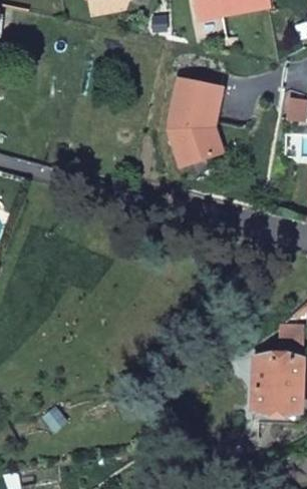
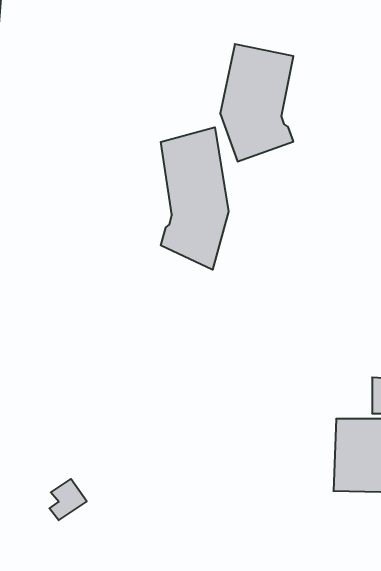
building: none -> [161,127,229,270]

